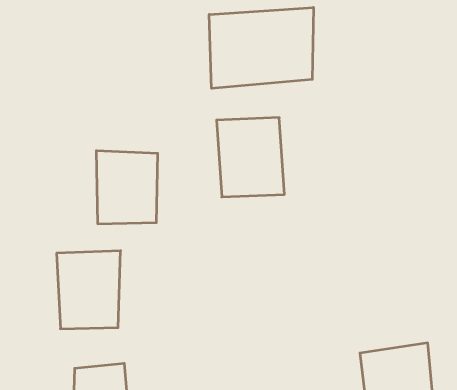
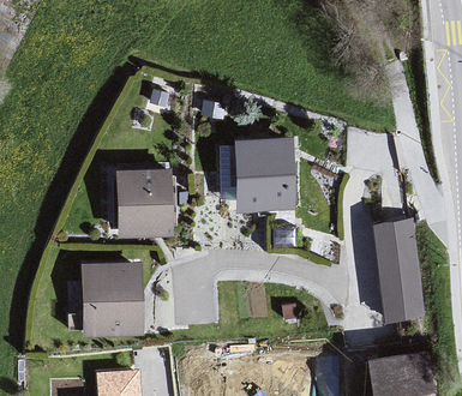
building: [209,7,313,88] -> none
building: none -> [365,215,426,323]

